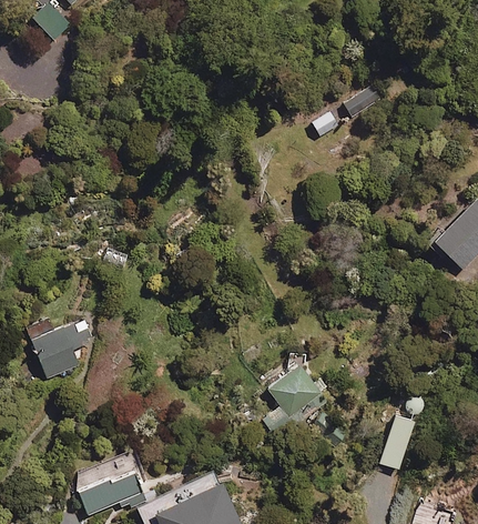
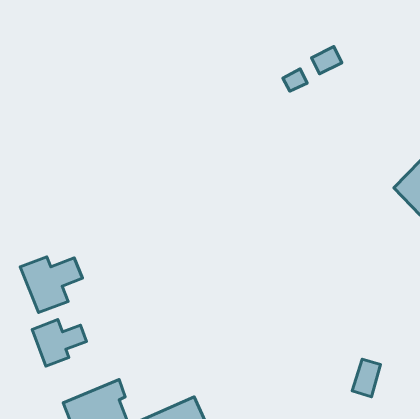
building: [264,364,323,430] -> none
building: none -> [32,319,86,366]

